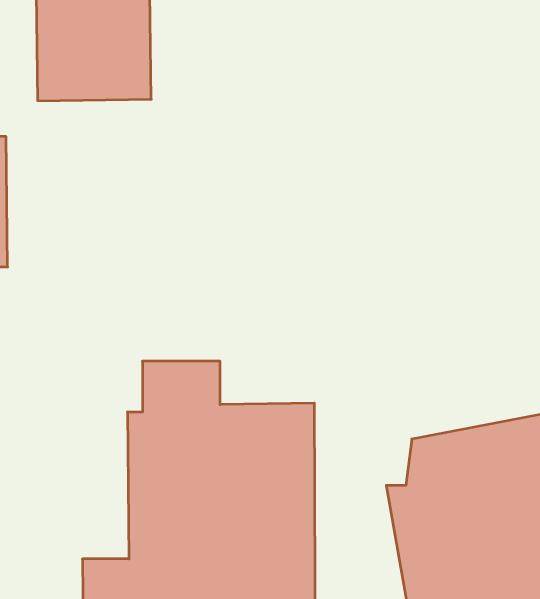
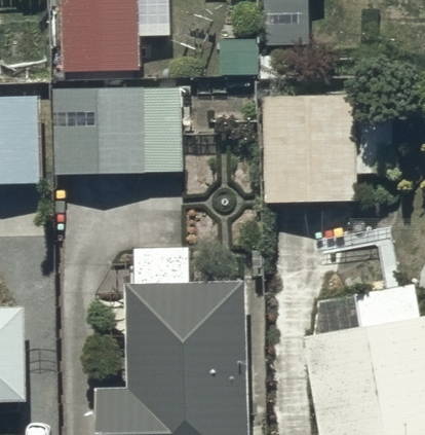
building: none -> [53,86,183,176]
building: none -> [262,97,396,203]

